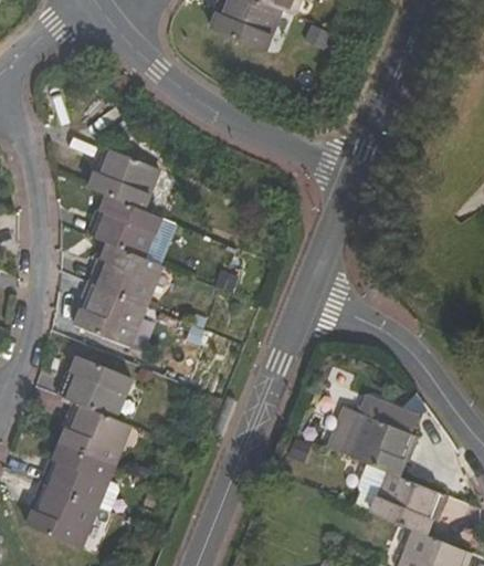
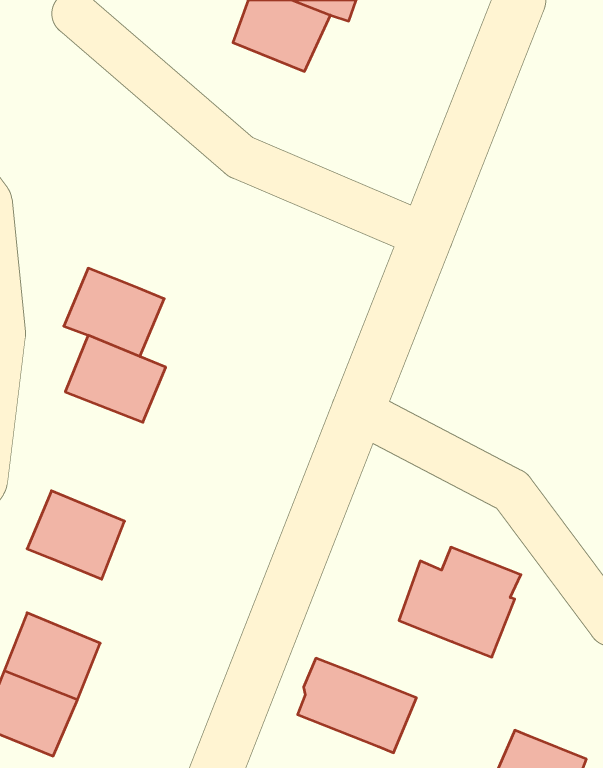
building: [88,147,158,209] -> none
building: [73,284,146,348] -> none
building: [62,405,131,467] -> none
building: [357,465,443,534] -> [298,658,416,753]

